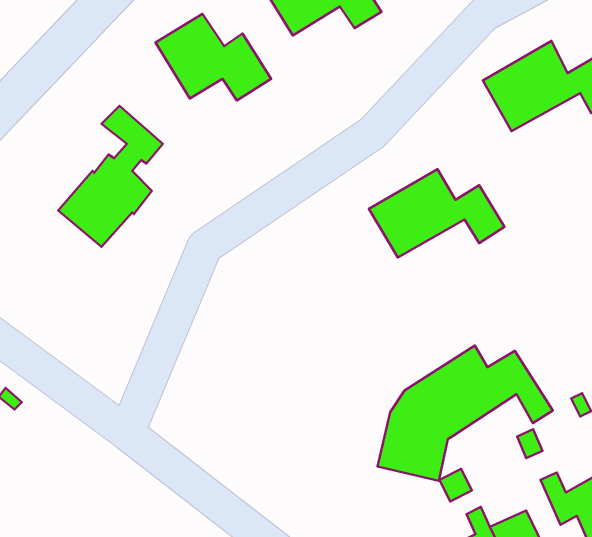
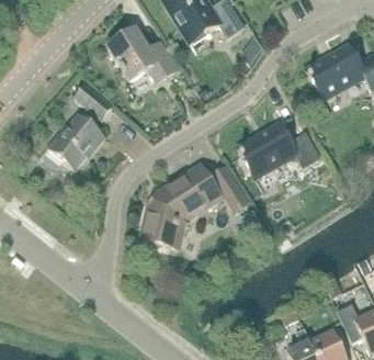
building: [377,345,553,481] -> [140,165,247,247]

